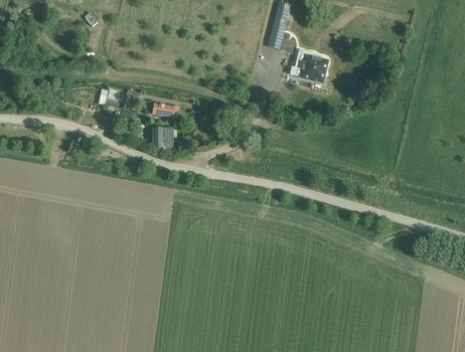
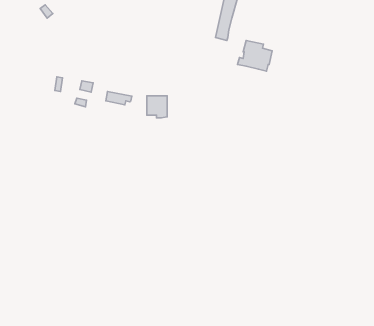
building: [152,127,173,150] -> [147,96,167,118]

